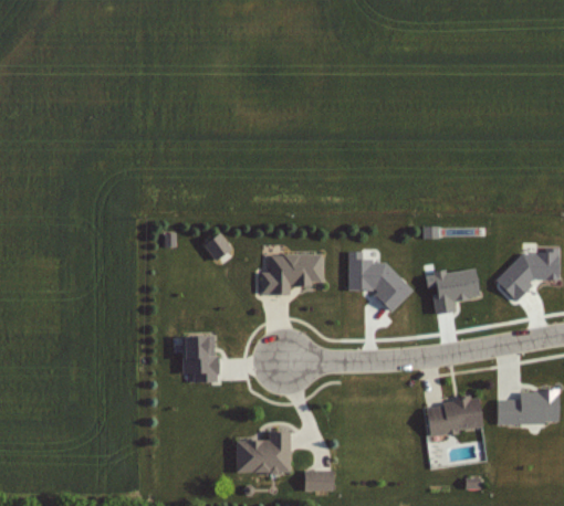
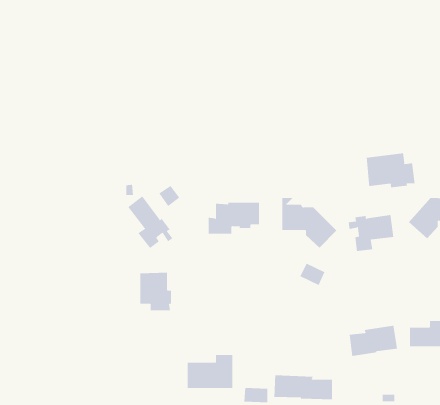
building: none -> [366,153,415,188]
building: none -> [128,196,173,249]
building: none -> [300,263,325,286]
building: none -> [274,375,333,400]

